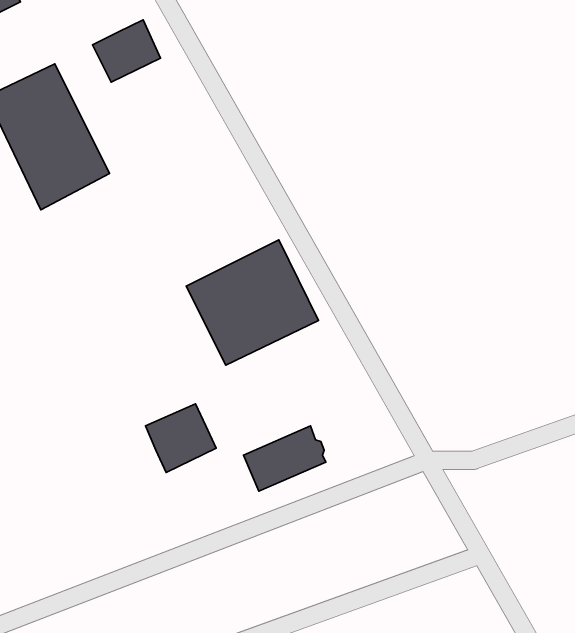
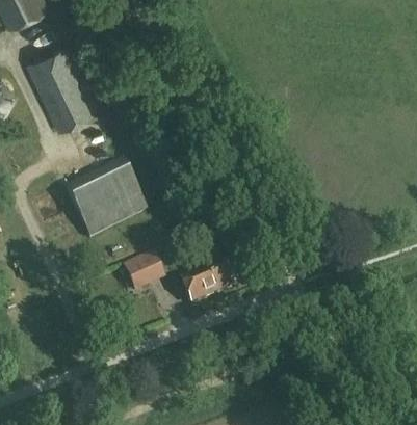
building: [92,20,160,82] -> none
building: [186,240,318,365] -> [67,162,147,238]

